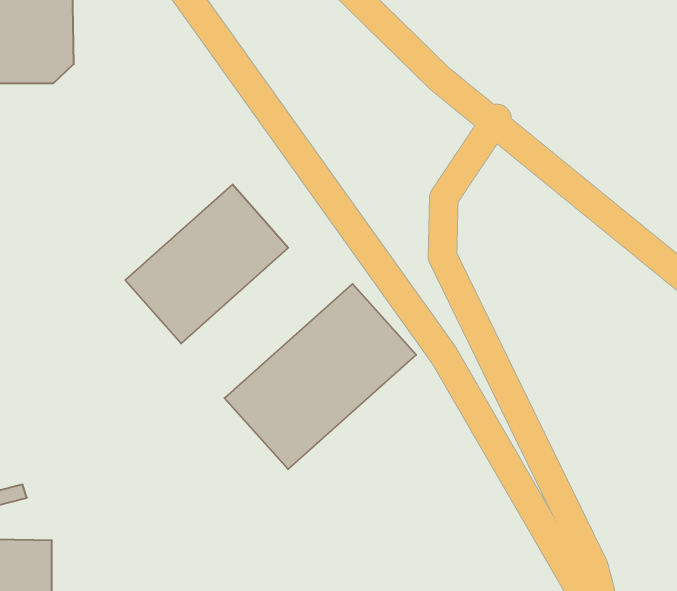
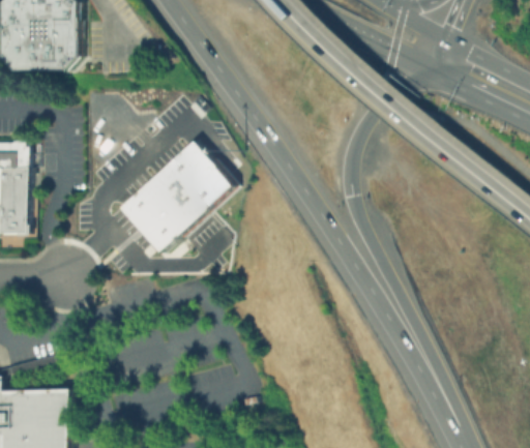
building: [224,284,416,469] -> none

